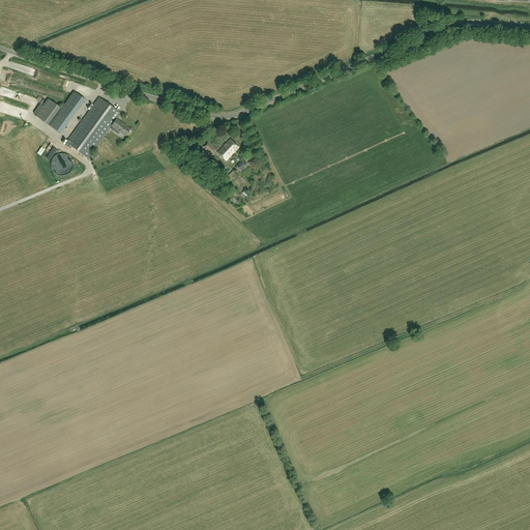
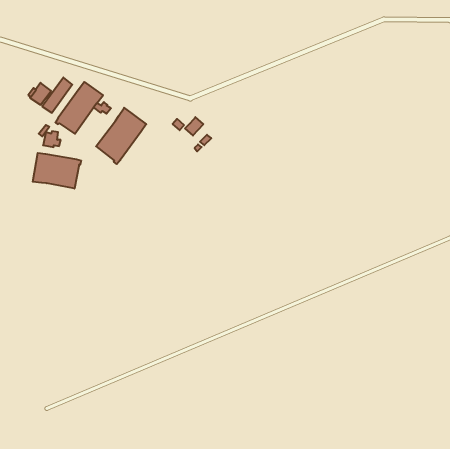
building: none -> [96,108,146,164]
building: none -> [33,153,81,189]

